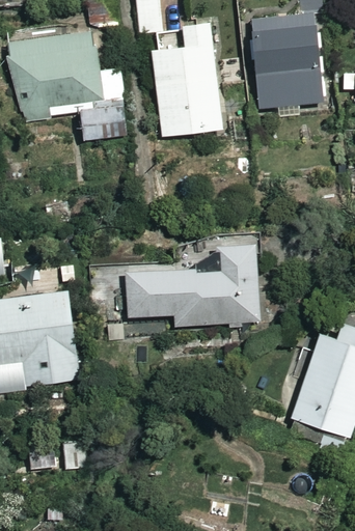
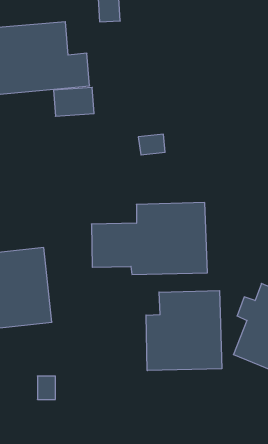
building: [251,17,320,105] -> none
building: [155,23,222,135] -> none
building: none -> [146,291,222,371]

